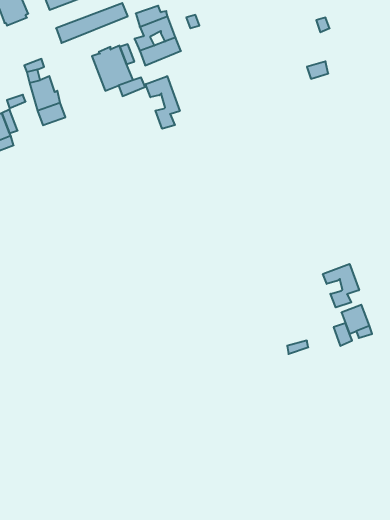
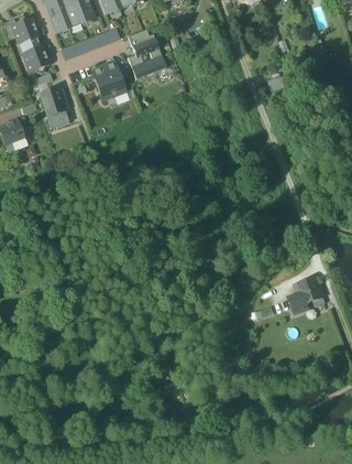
building: none -> [21,39,48,72]
building: [146,76,180,129] -> none
building: [323,264,359,307] -> none

